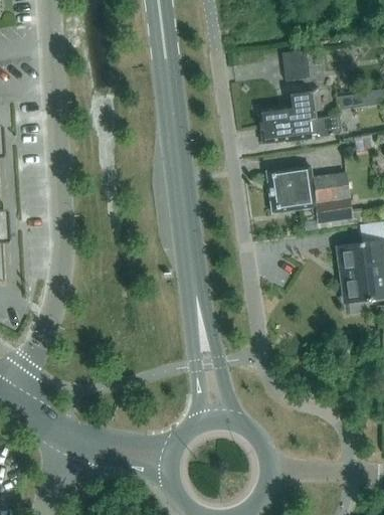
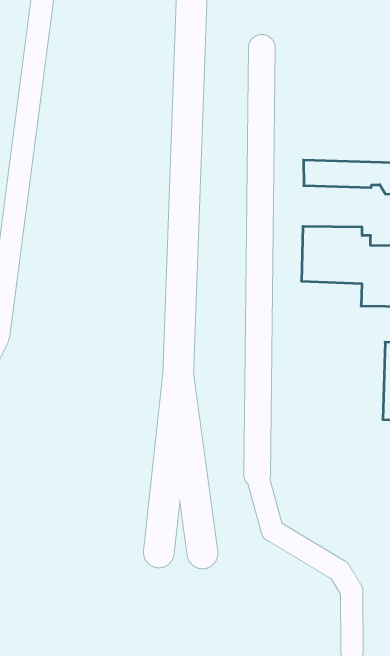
building: [281,47,311,79] -> none
building: [258,91,317,124] -> none

